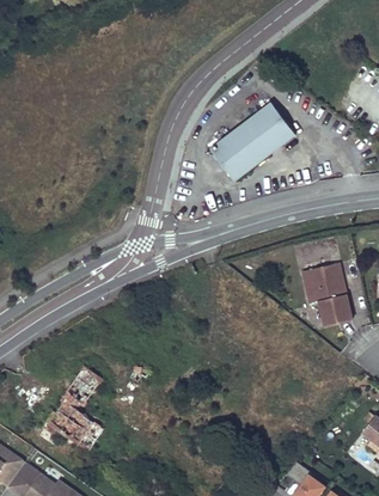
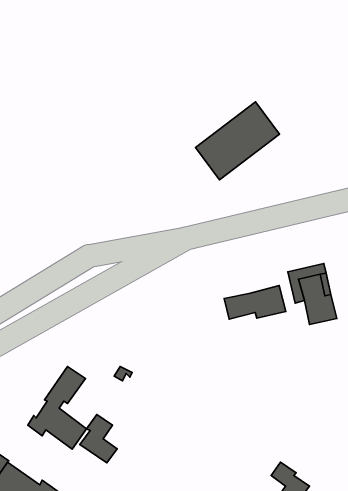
building: none -> [224,286,286,319]
building: none -> [80,415,117,463]

